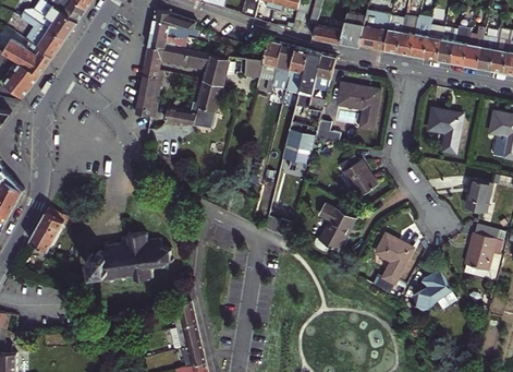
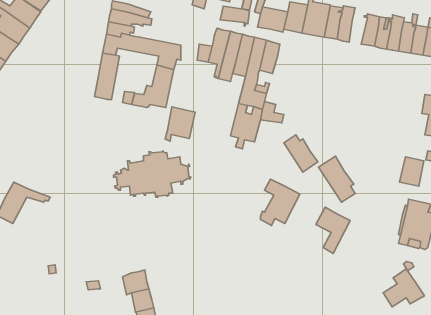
building: [411,16,432,58] -> none
building: none -> [220,6,249,26]
building: [335,82,381,132] -> none
building: [427,109,462,154] -> none
building: none -> [165,107,195,141]
building: none -> [319,156,355,202]
building: [88,232,172,283] -> [113,151,191,197]
building: [412,269,456,311] -> [383,269,424,307]

